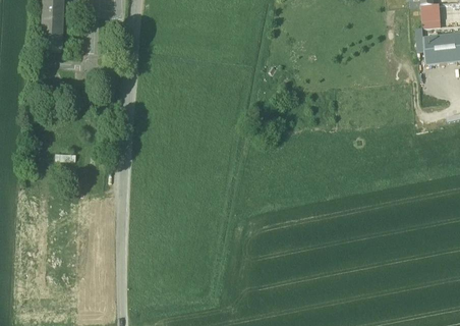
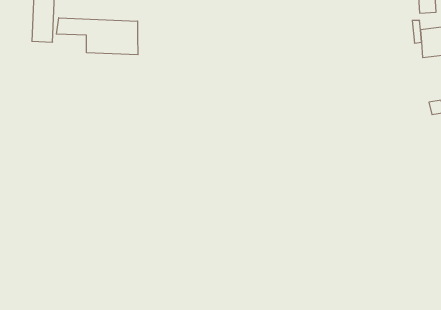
building: none -> [56,18,138,55]

